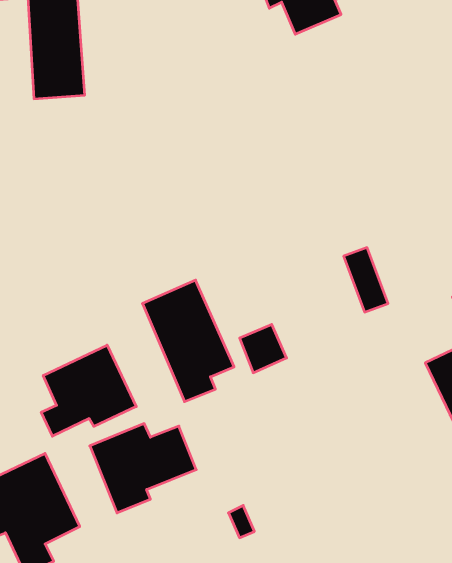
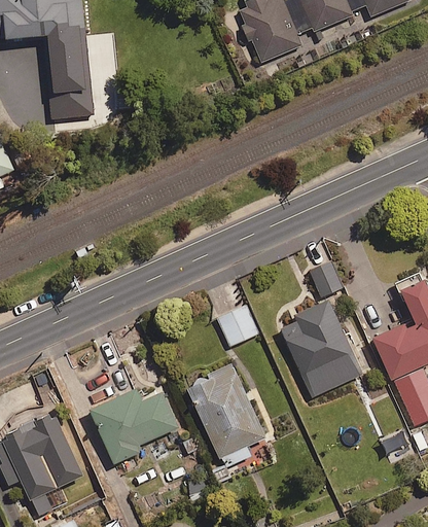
building: [142,280,234,402] -> [191,364,268,465]
building: none -> [278,298,360,396]
building: [41,345,136,436] -> none

